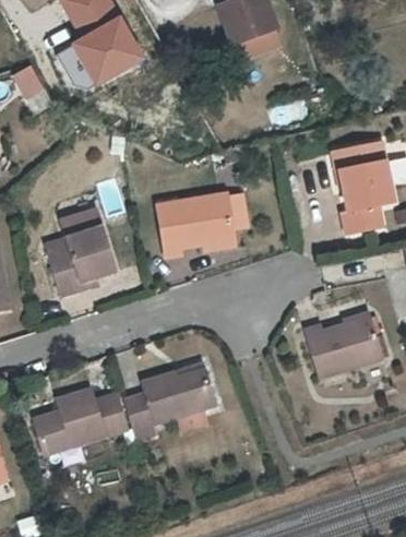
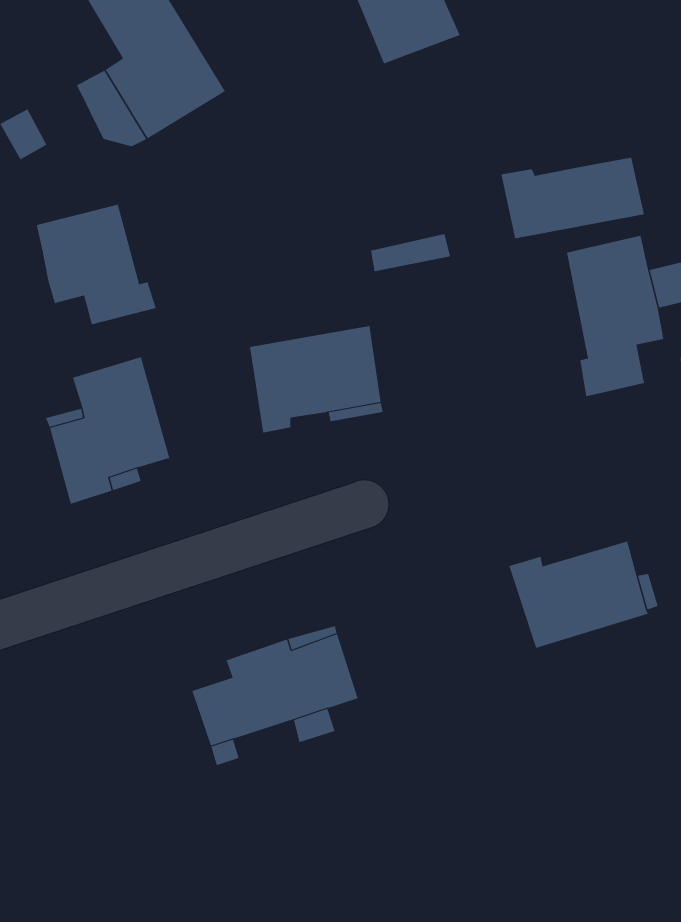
building: none -> [501,157,644,239]
building: none -> [36,204,157,325]
building: [36,390,128,454] -> none

